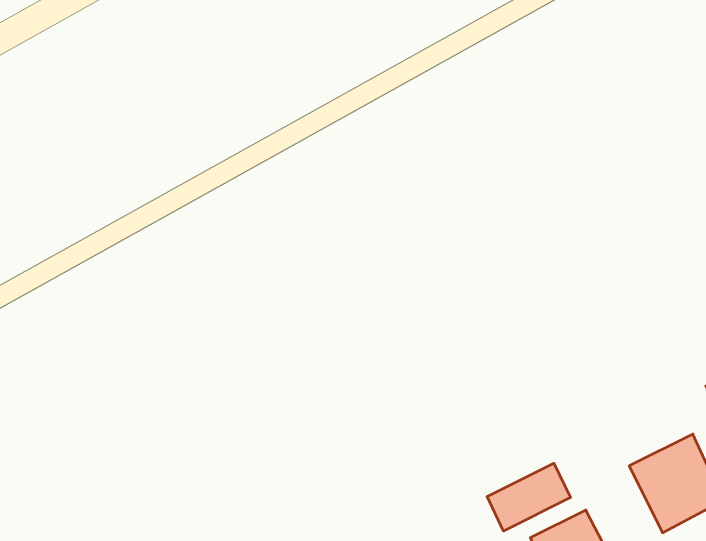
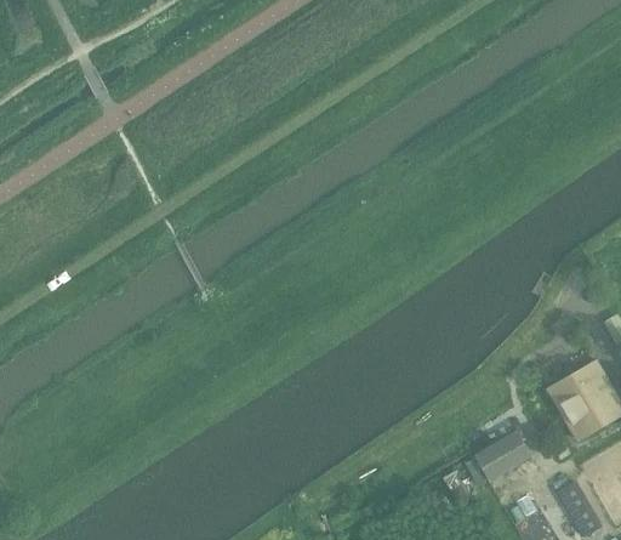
building: [487,463,570,531] -> none

